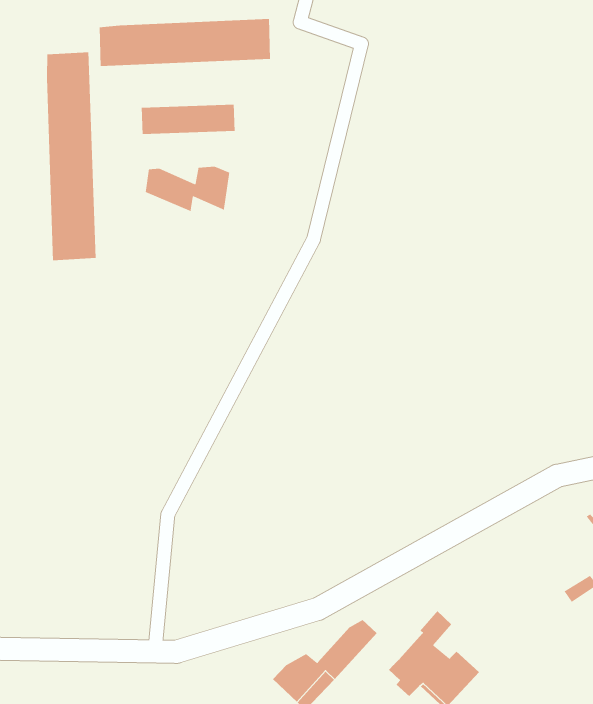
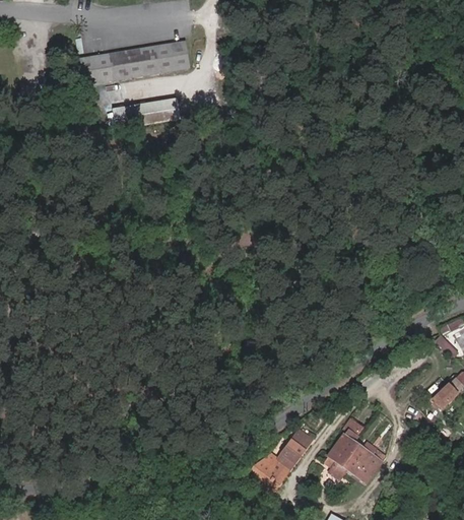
building: [46,51,96,261] -> none
building: [145,166,230,212] -> none

